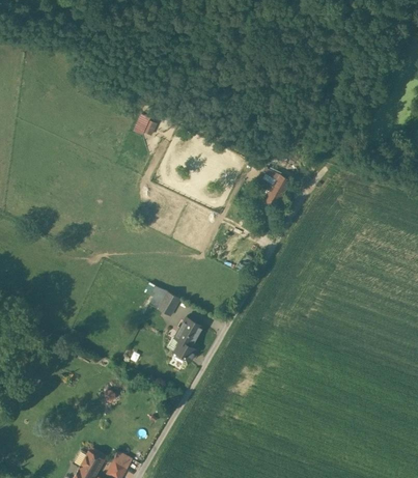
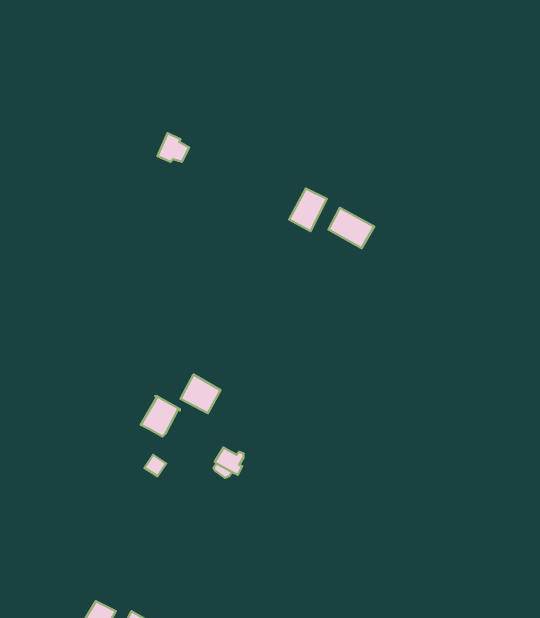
building: none -> [289,189,327,231]
building: [175,316,203,345] -> [141,396,180,436]

